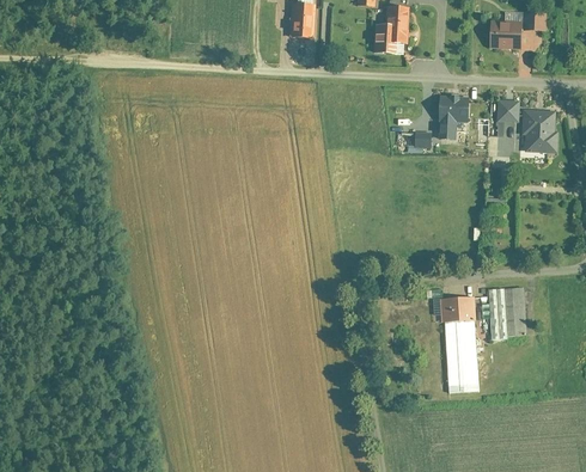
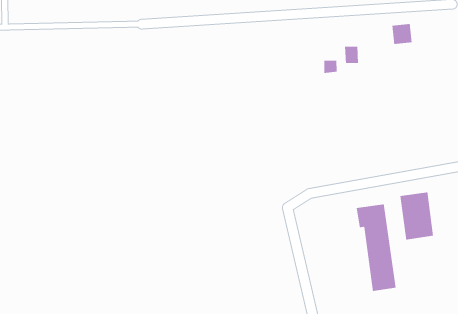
building: [442,93,471,117] -> none
building: [526,108,561,146] -> none

